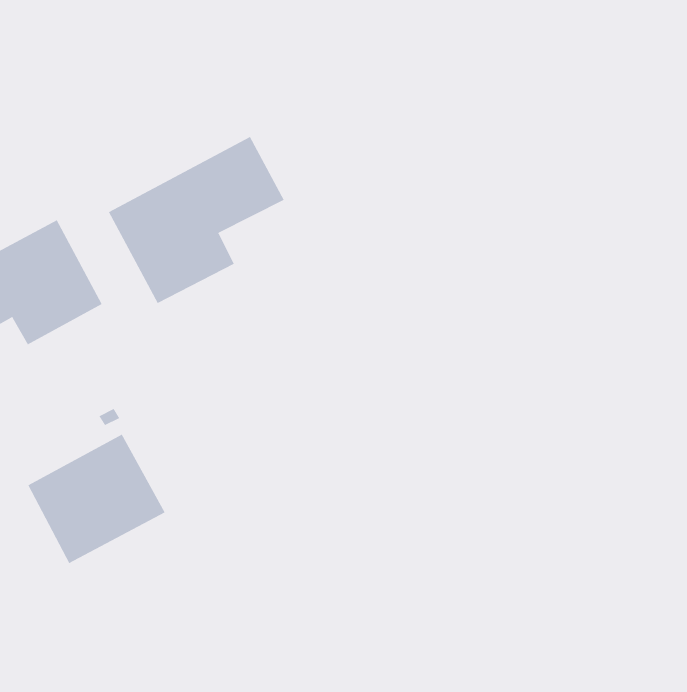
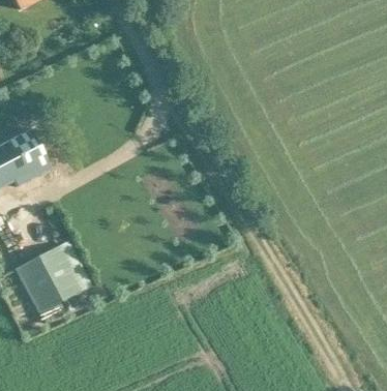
building: [108,136,284,304] -> none

